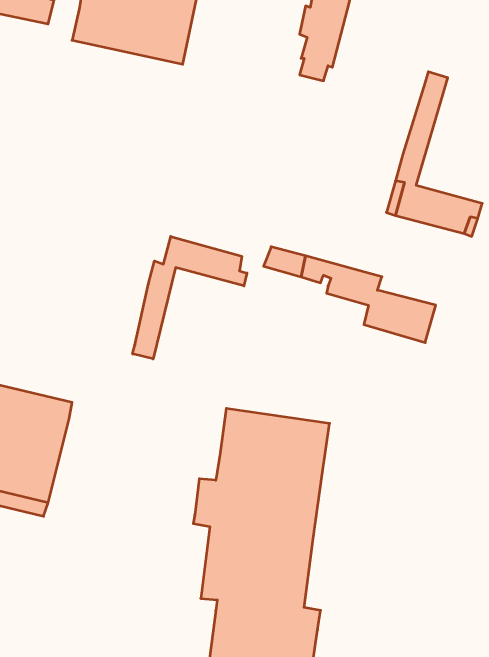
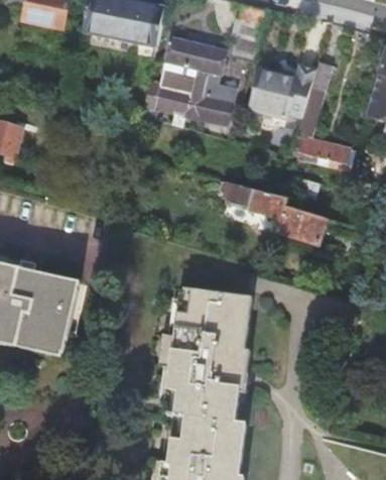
building: none -> [140,34,237,125]
building: none -> [249,63,317,117]
building: [133,236,247,359] -> none

